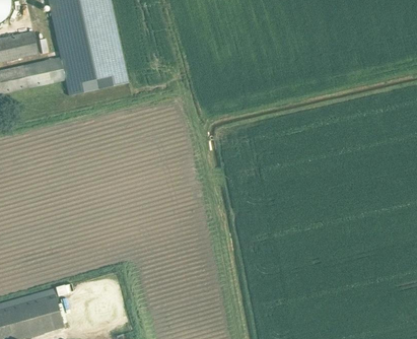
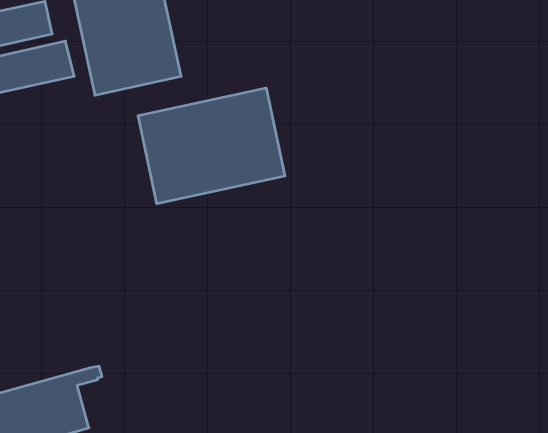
building: none -> [138,88,285,204]

